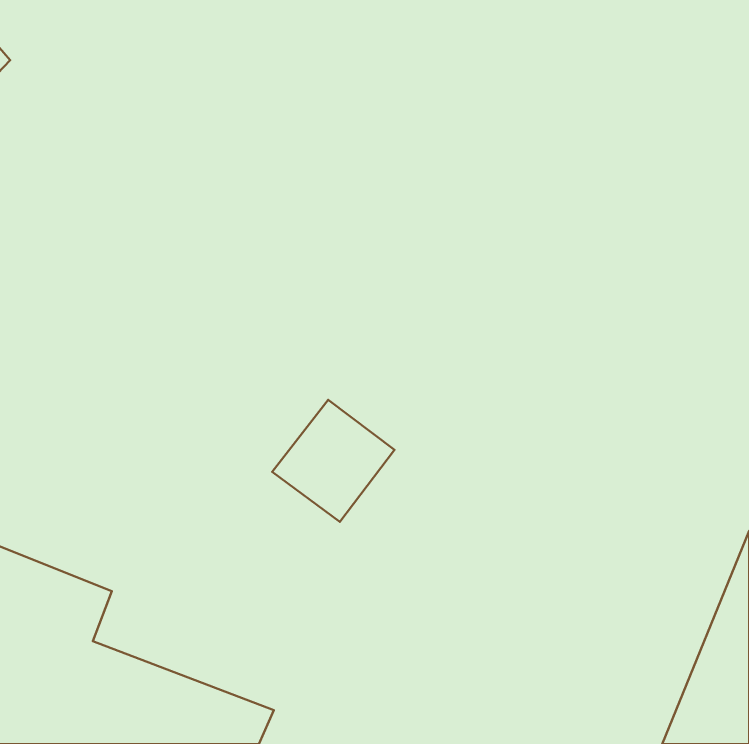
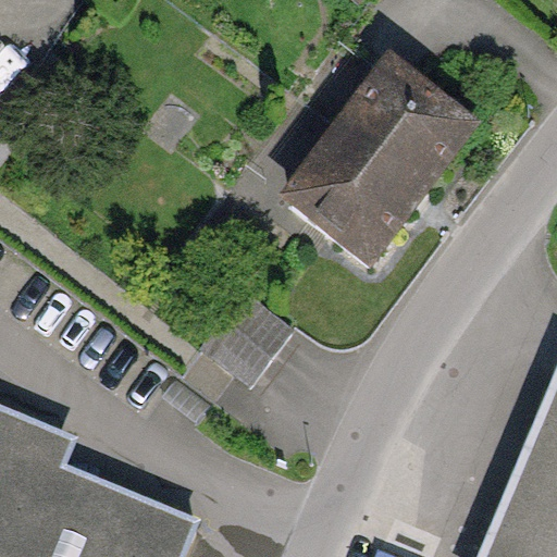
building: none -> [290,75,469,265]

